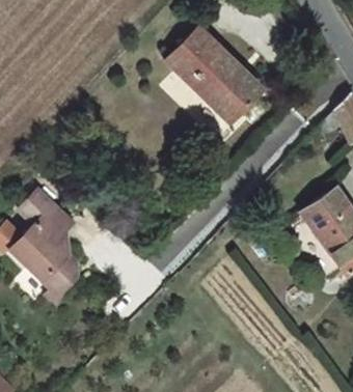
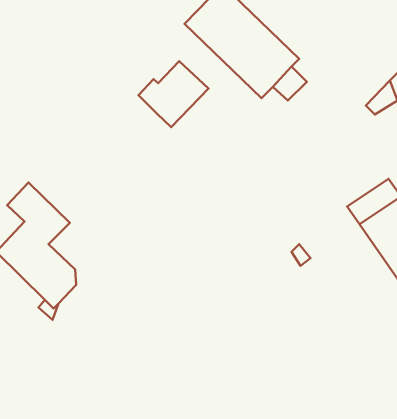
building: none -> [138,61,209,127]

